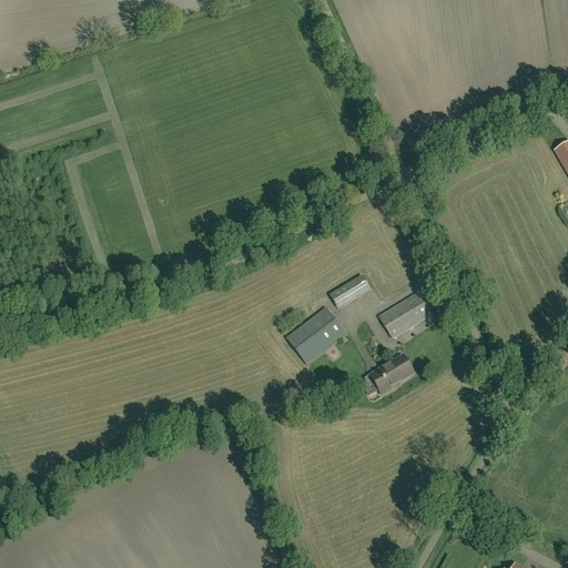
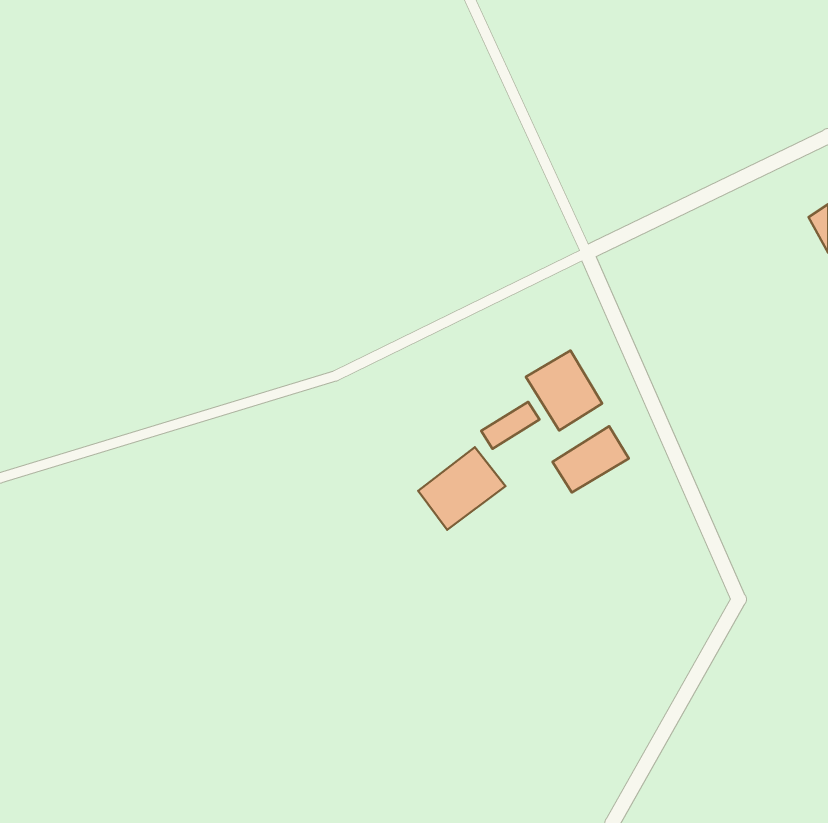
building: none -> [526,350,602,430]
building: [369,355,413,393] -> none

